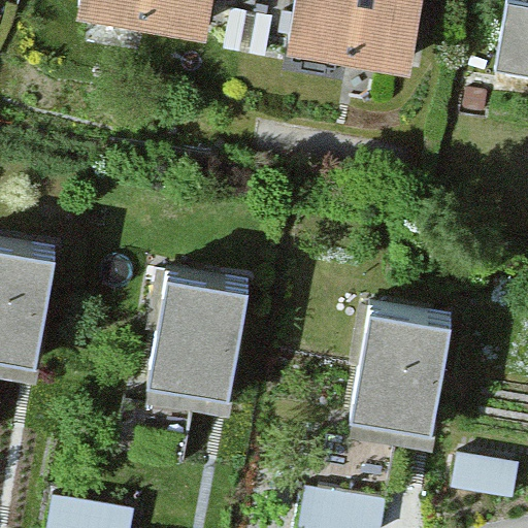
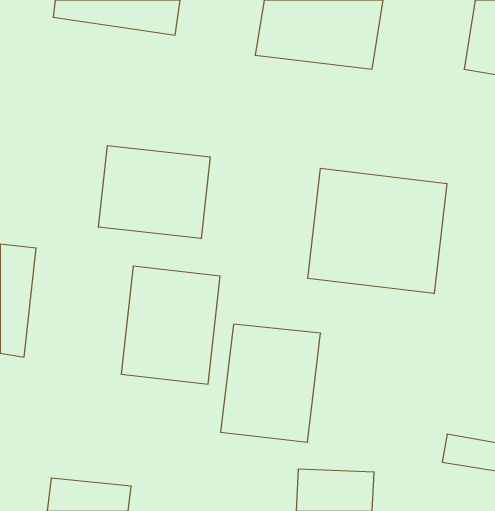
building: none -> [99,146,210,239]
building: none -> [308,168,447,294]
building: [345,317,449,438] -> [221,324,321,442]

